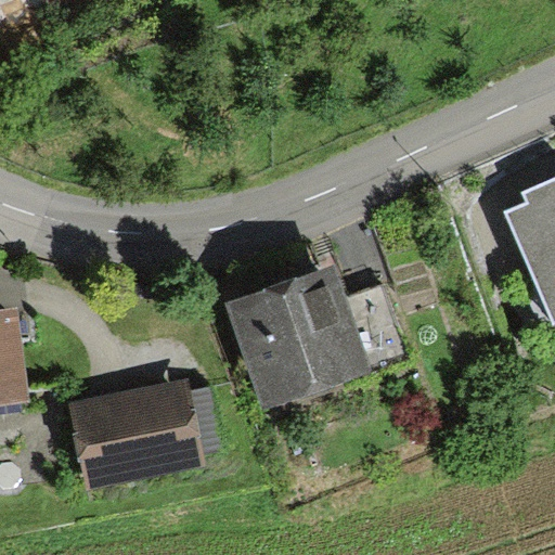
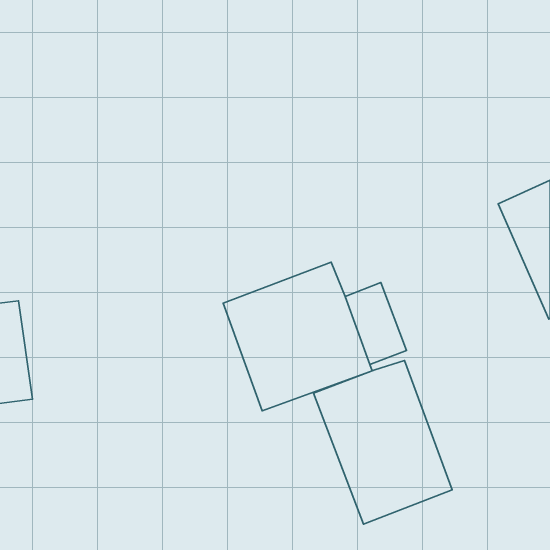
building: none -> [314,360,452,524]
building: [68,378,204,487] -> none

